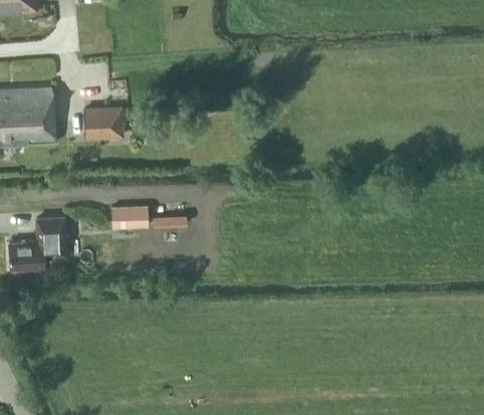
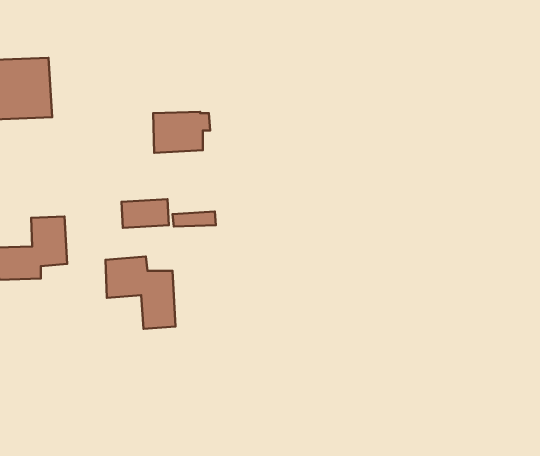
building: [83,107,130,140] -> [153,112,210,153]
building: none -> [105,256,176,329]

